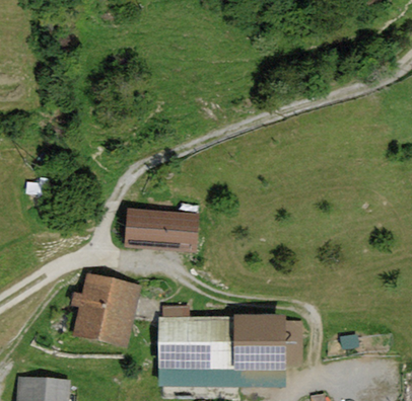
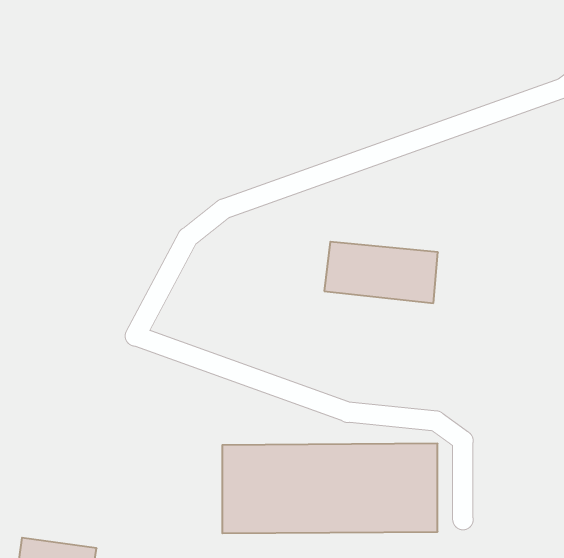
building: [124,206,201,247] -> [324,242,438,303]
building: [71,272,138,351] -> none

